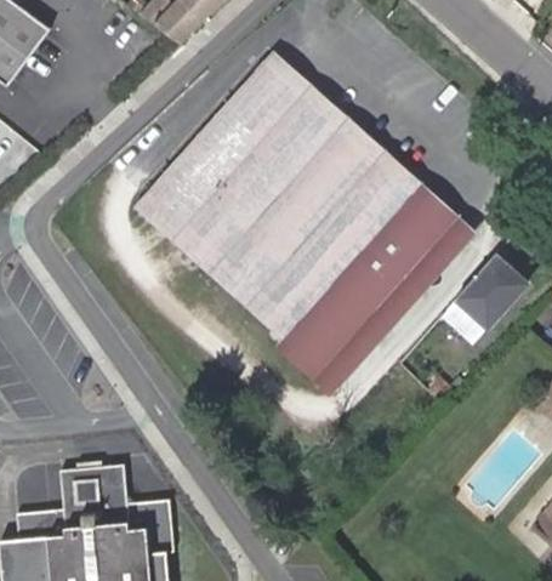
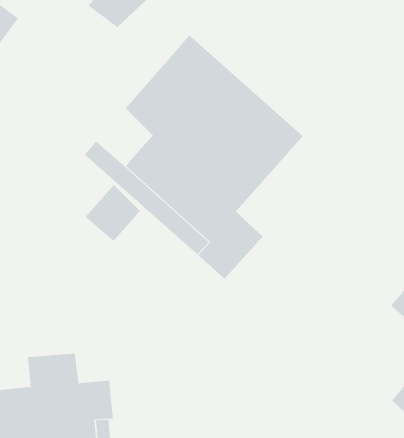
building: [150,146,223,221] -> [85,184,141,242]
building: [318,182,477,386] -> none
building: [456,256,527,327] -> none

